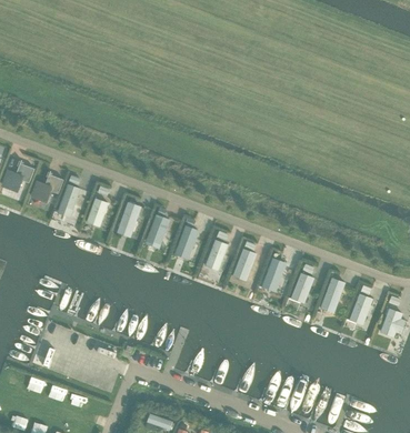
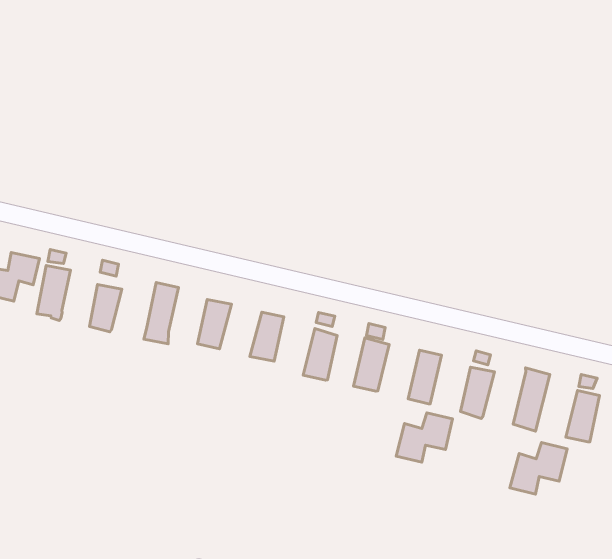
building: none -> [396,413,453,462]
building: none -> [510,442,567,494]

